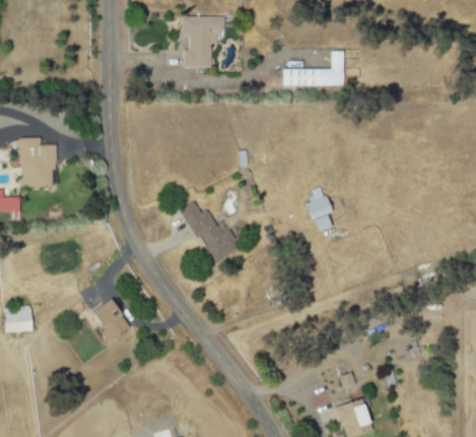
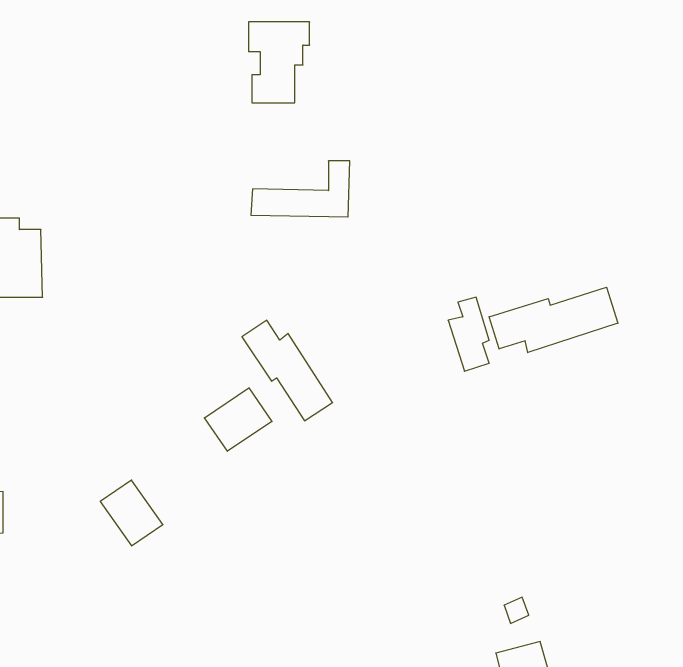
building: [283,51,344,85] -> [251,161,350,217]
building: none -> [489,287,618,353]
building: none -> [204,388,272,451]

